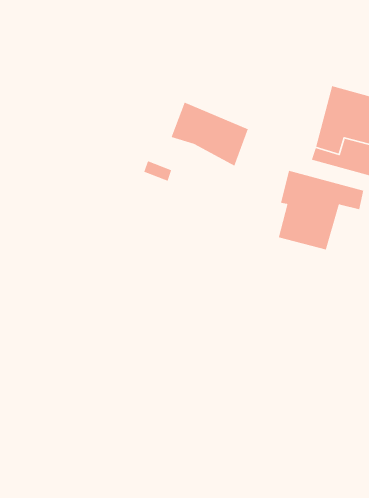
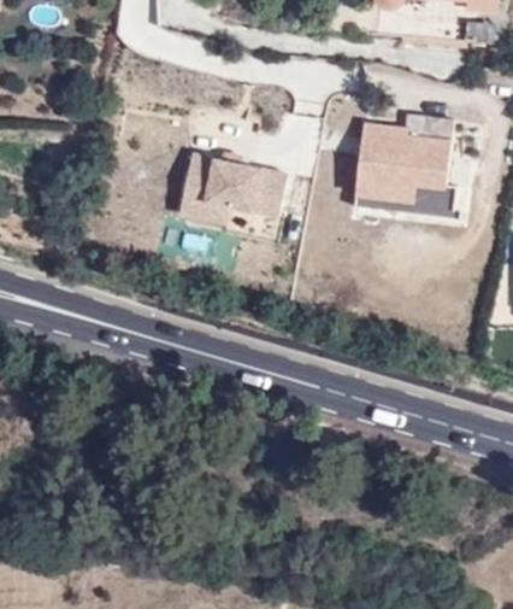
building: none -> [178,147,229,228]
building: [278,170,364,251] -> none

